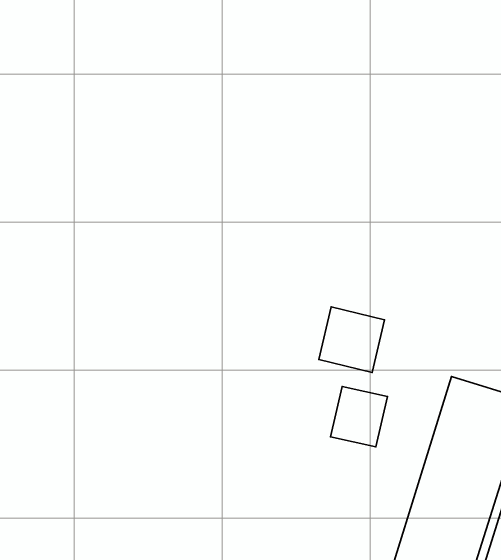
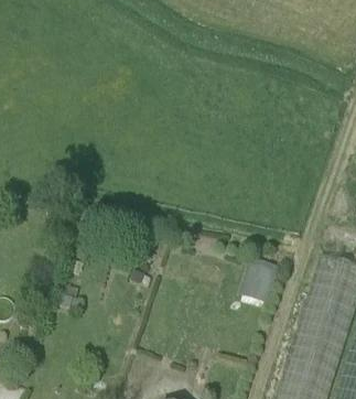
building: [319,307,384,372] -> none

